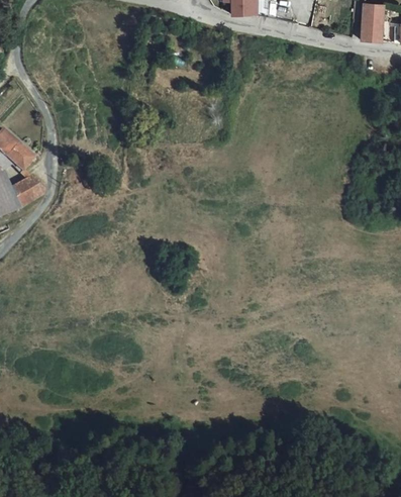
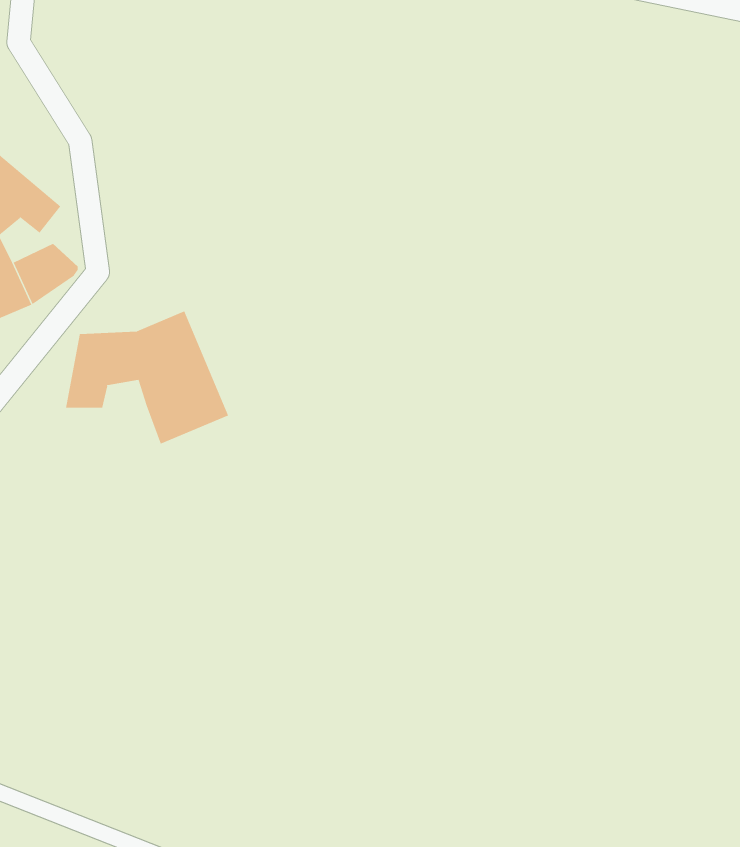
building: none -> [65,310,229,444]

